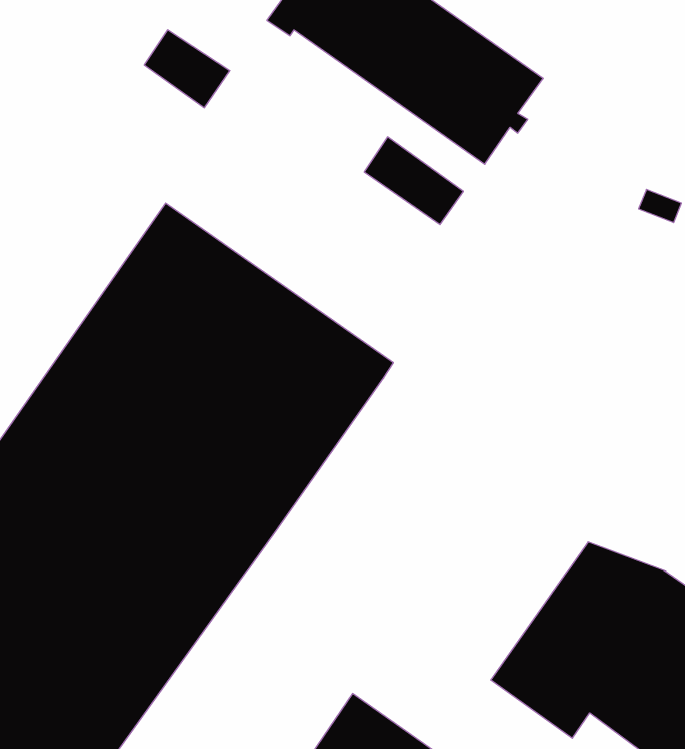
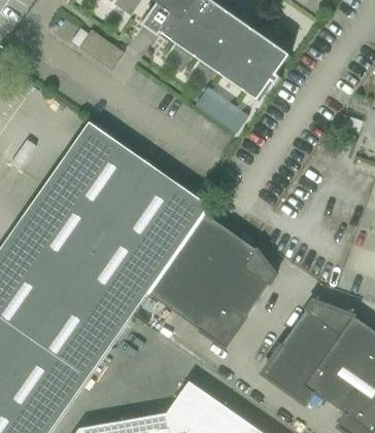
building: none -> [148,214,276,348]

